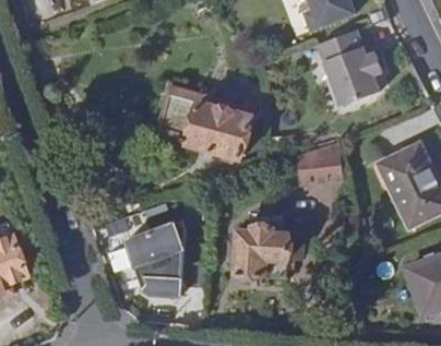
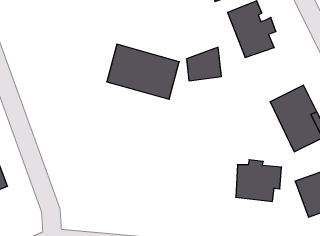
building: [300,138,346,181] -> [186,47,221,81]
building: [122,220,182,299] -> none
building: [239,224,299,278] -> [236,160,282,201]

